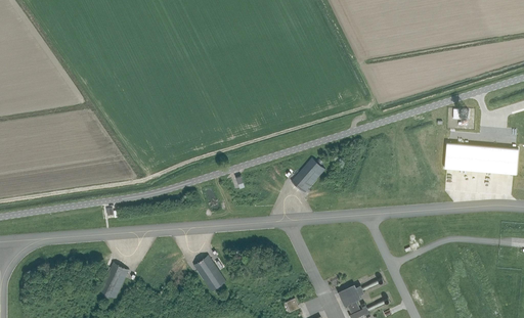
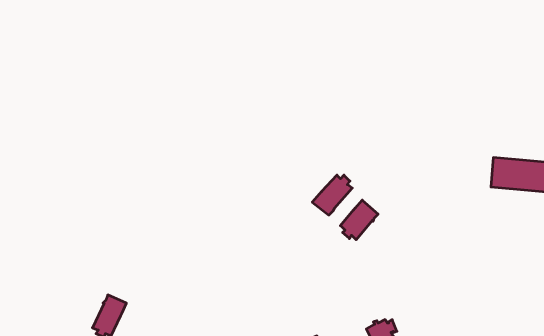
building: none -> [340,200,378,240]
building: [193,256,226,291] -> none

